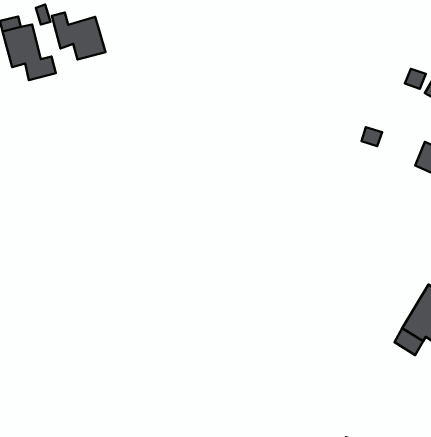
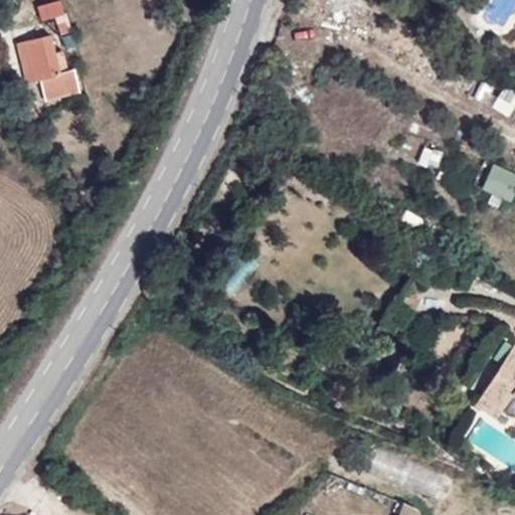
building: [52,12,106,60] -> none

